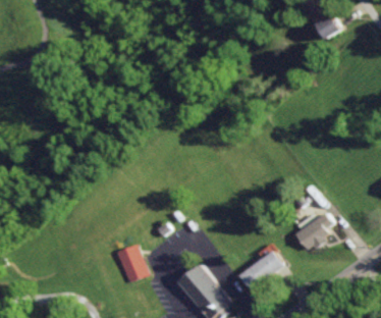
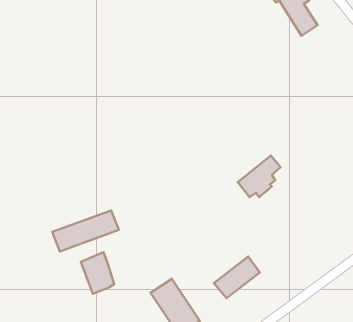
building: none -> [52,210,119,251]
building: [295,210,336,250] -> [238,155,281,197]

